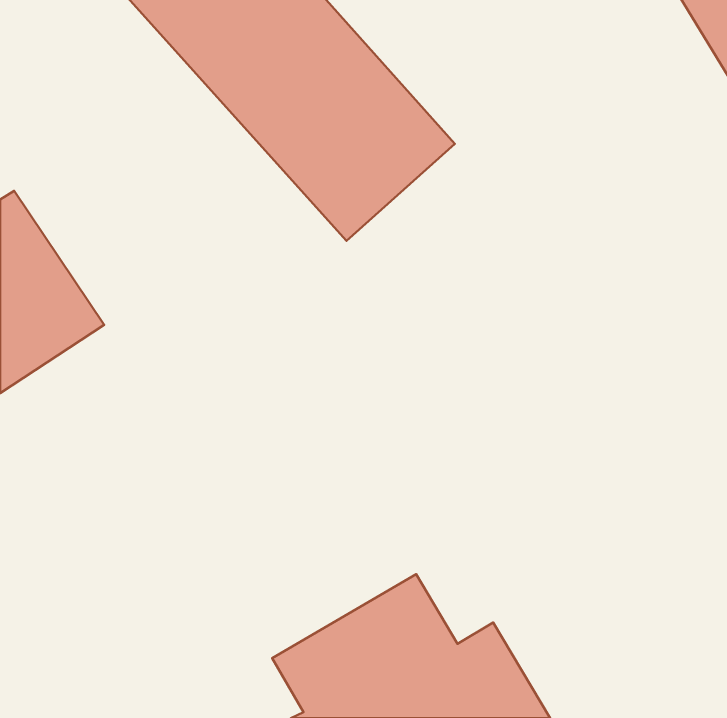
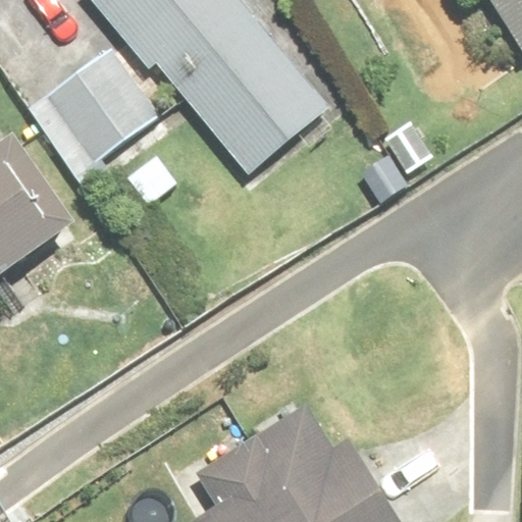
building: none -> [29,48,160,172]

